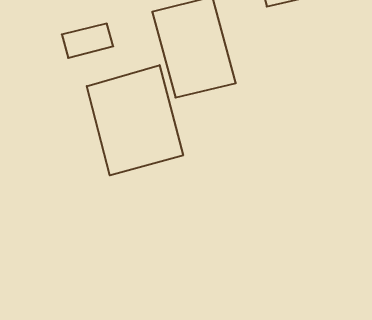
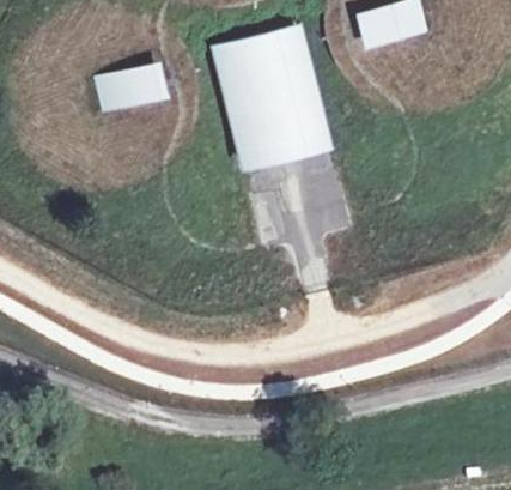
building: [87,65,183,175] -> none

